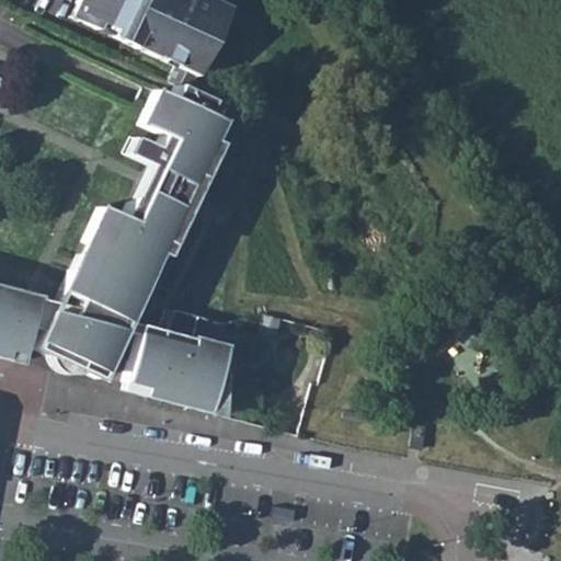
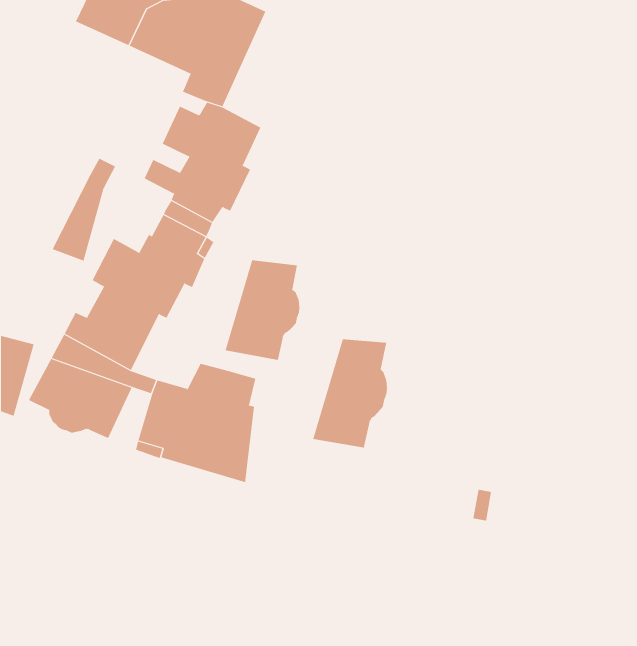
building: none -> [52,158,116,261]
building: none -> [225,260,300,361]
building: none -> [313,338,387,448]

